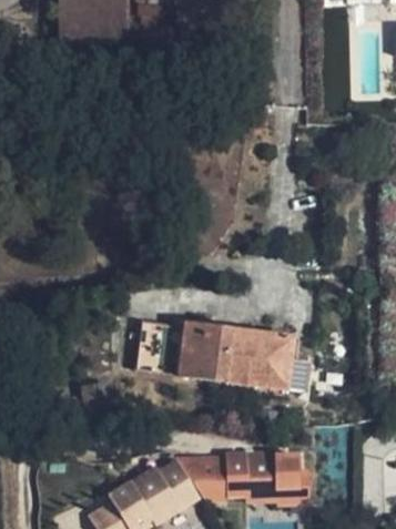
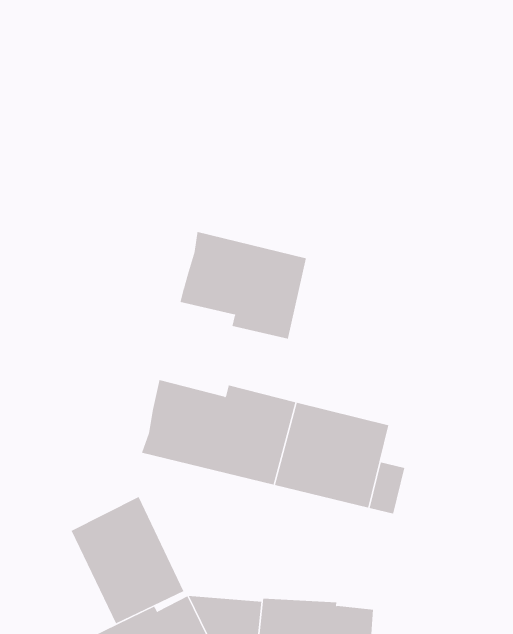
building: none -> [180,231,306,340]
building: none -> [71,496,184,624]

